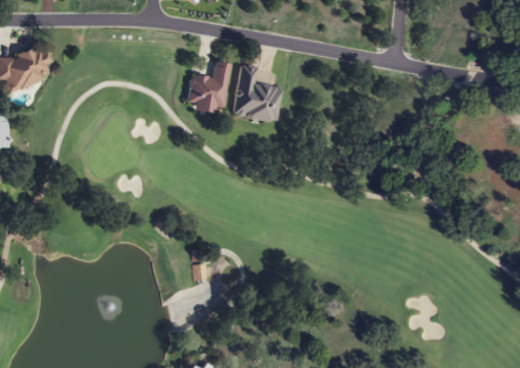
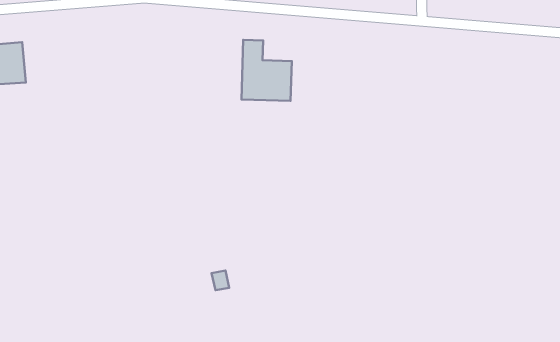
building: [187,61,230,114] -> none

